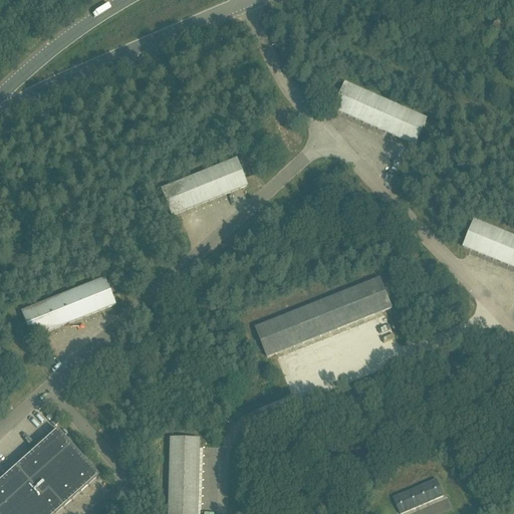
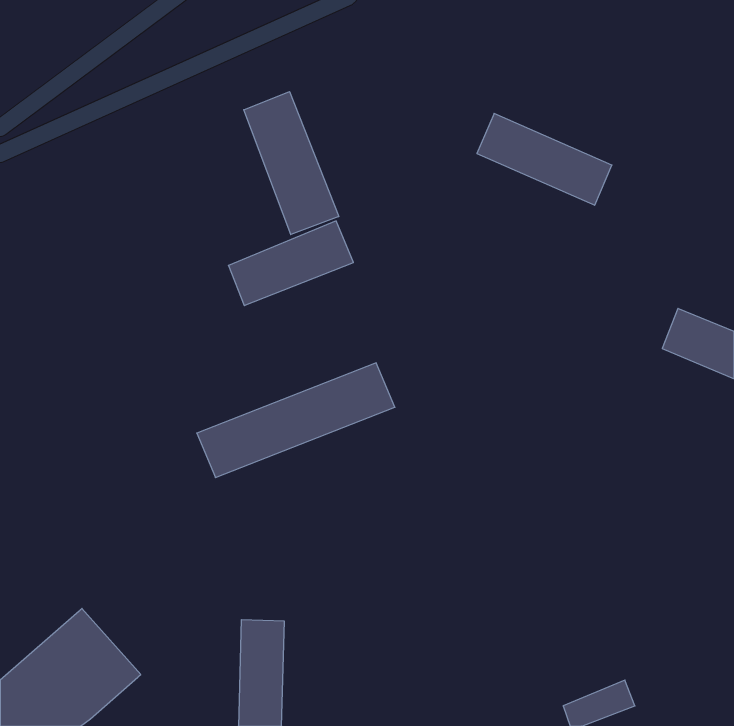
building: none -> [244,92,339,235]
building: [20,275,114,335] -> none
building: [254,275,393,355] -> [197,363,395,478]

